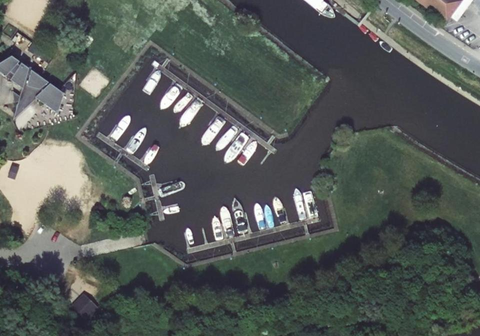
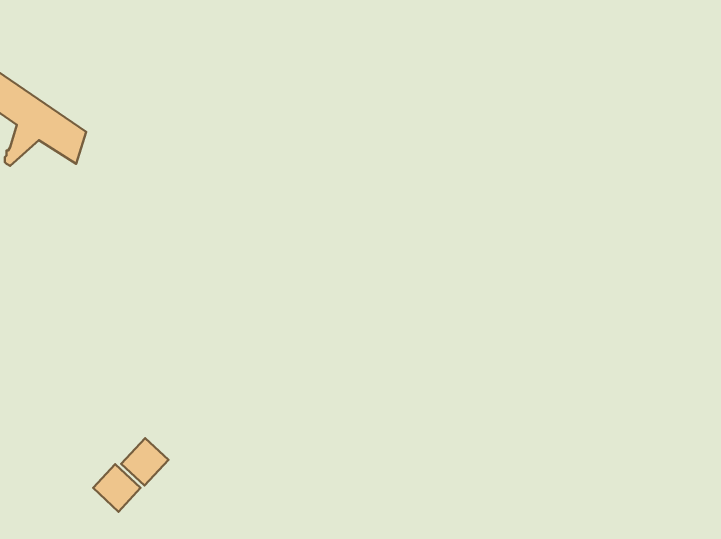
building: none -> [121,438,168,485]

